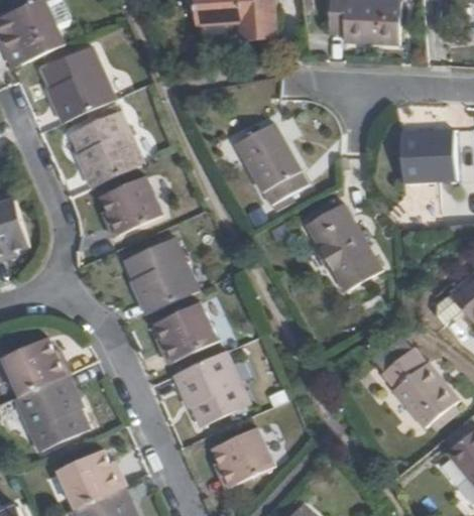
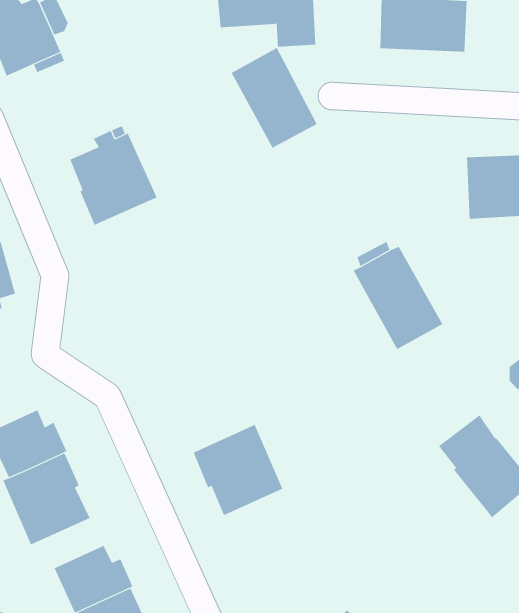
building: [43,45,115,122] -> none
building: [235,122,307,206] -> [231,47,317,149]
building: [97,175,162,233] -> none
building: [126,238,197,313] -> none
building: [157,303,217,363] -> none
building: [214,428,273,488] -> none

